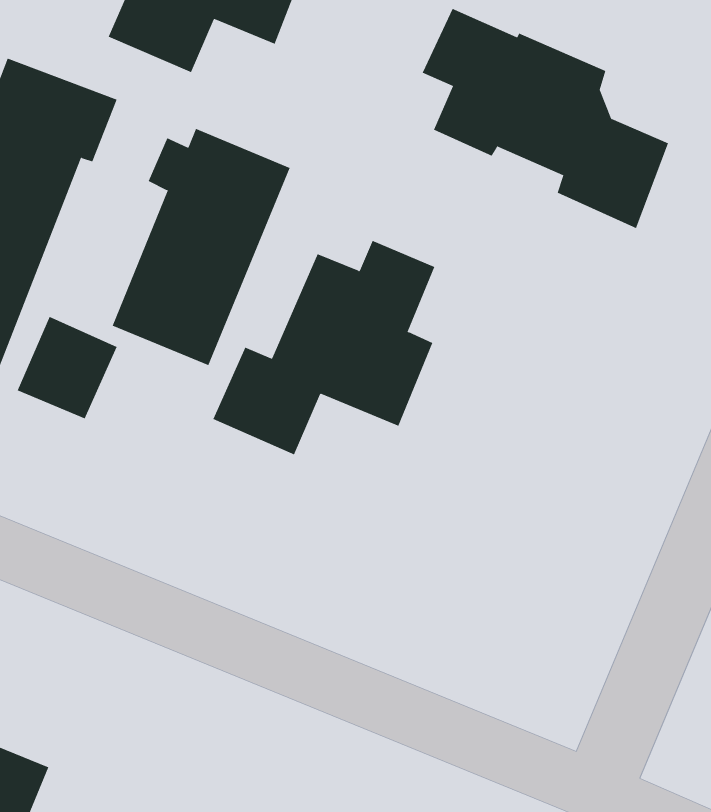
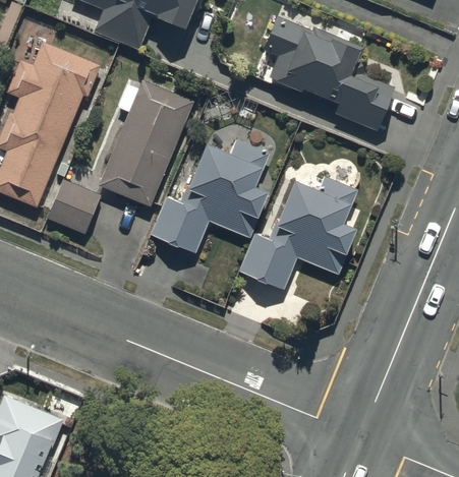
building: none -> [240,177,357,291]

